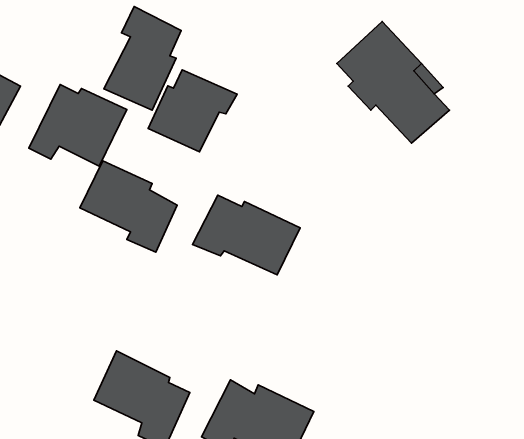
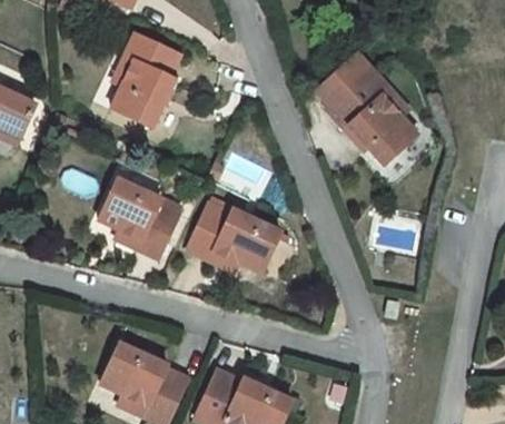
building: [148,70,237,152] -> none
building: [29,85,127,166] -> none

